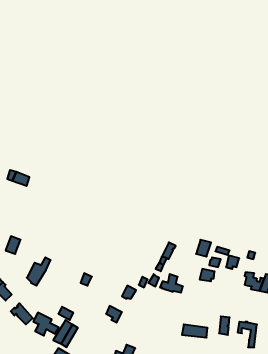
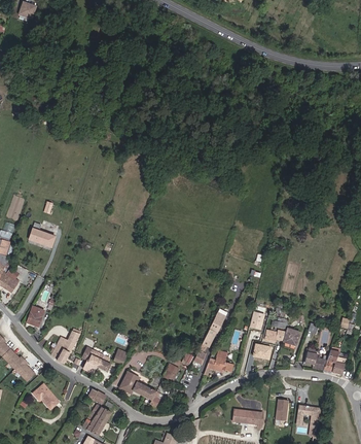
building: none -> [119,371,148,397]
building: [33,313,59,336] -> [81,347,111,374]

